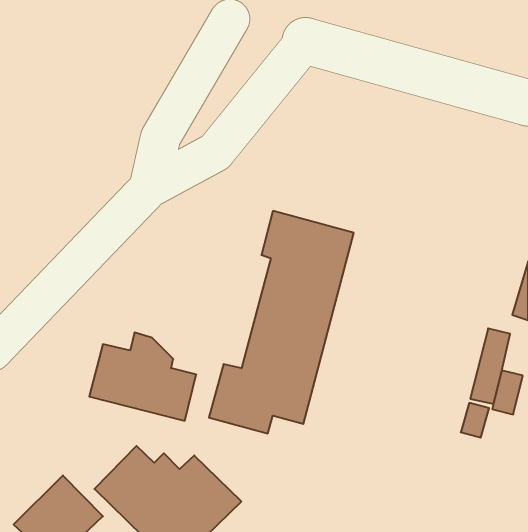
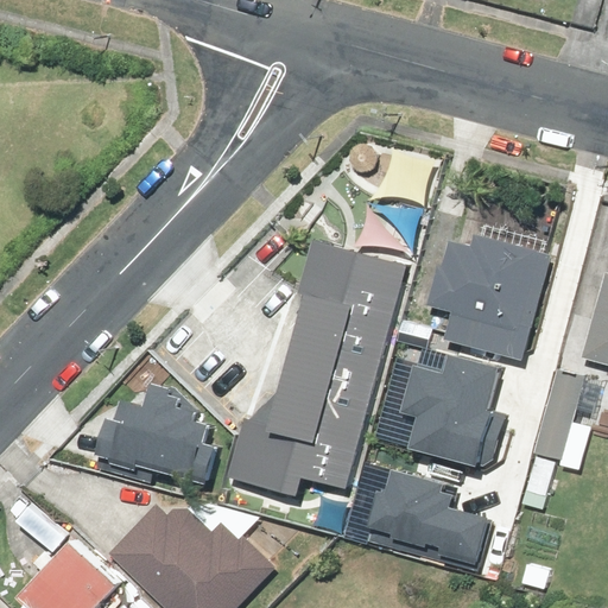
building: none -> [426,240,544,362]
building: none -> [404,355,502,464]
building: none -> [370,468,489,556]

